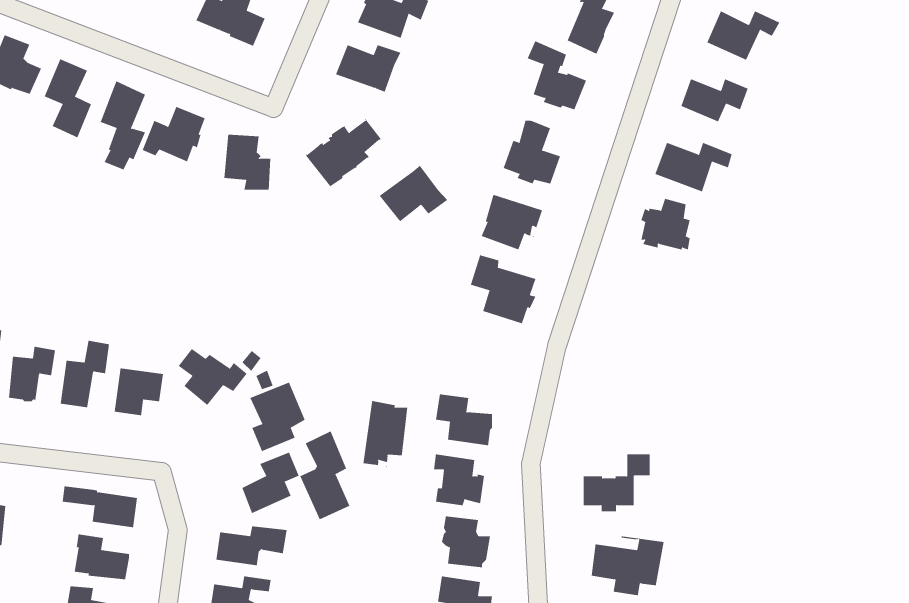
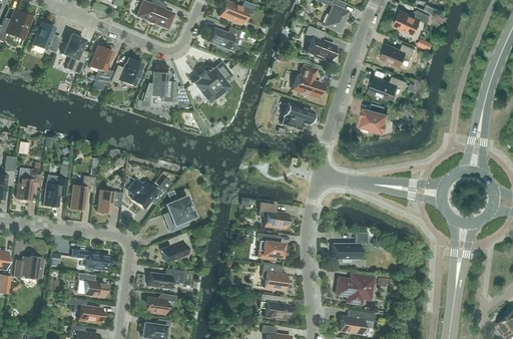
building: [379,165,448,222] -> none
building: [470,254,536,324] -> none
building: [363,400,408,468] -> none
building: [299,431,350,520] -> none

